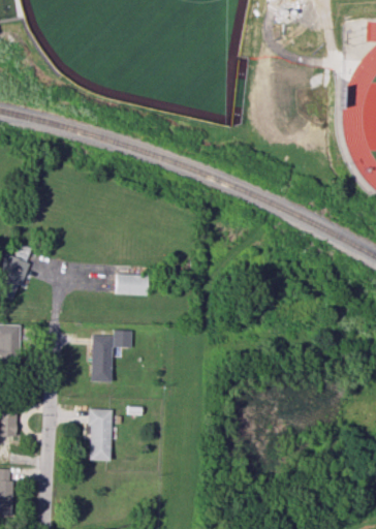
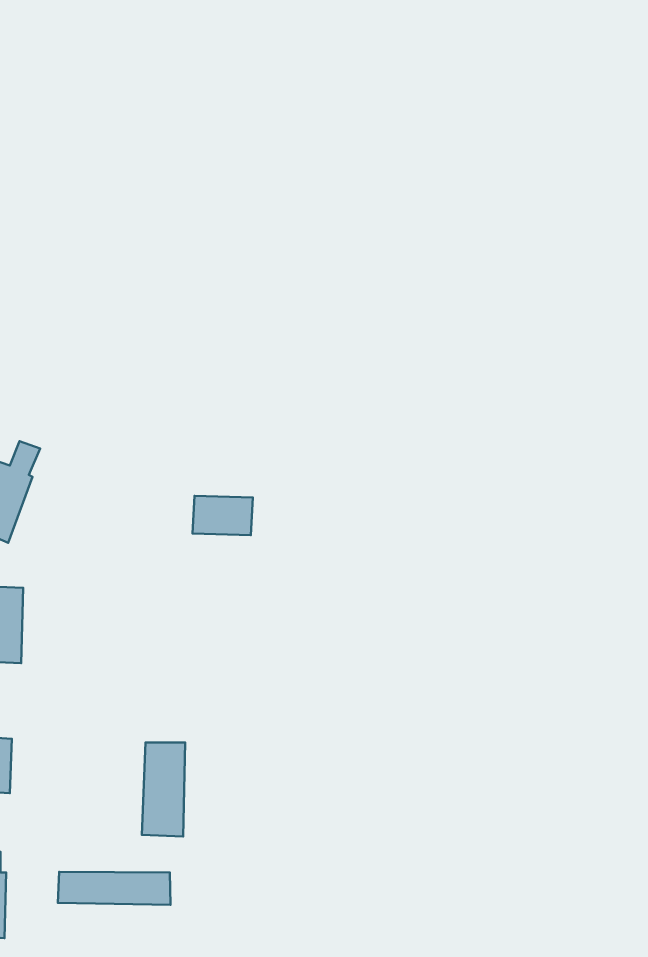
building: [90,330,132,382] -> none
building: none -> [58,872,170,905]

